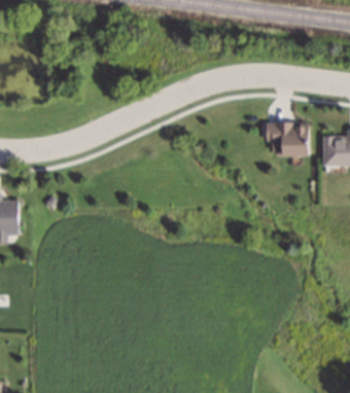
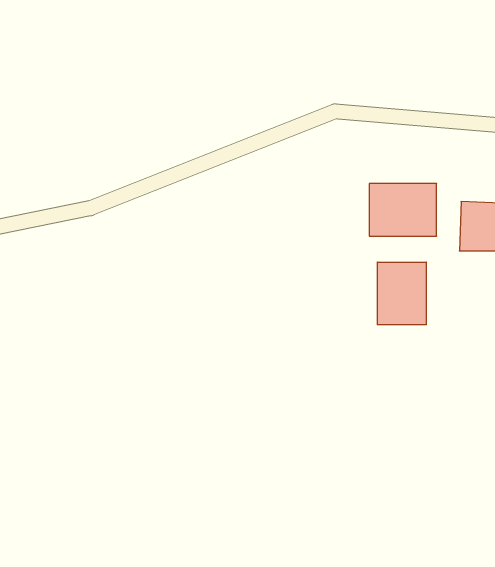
building: none -> [377,262,426,325]

